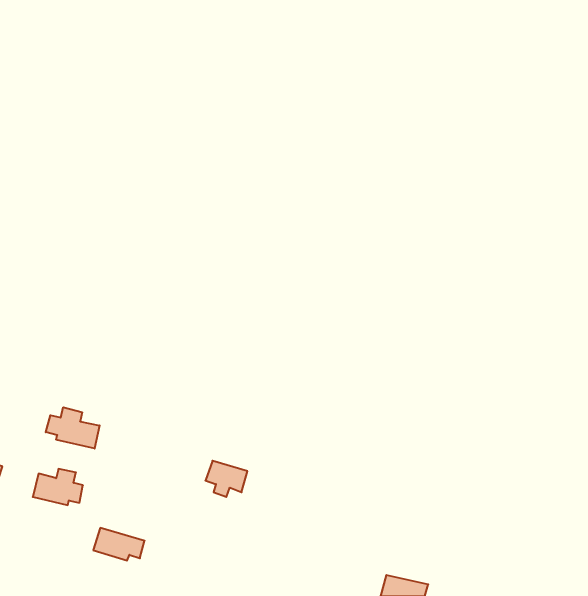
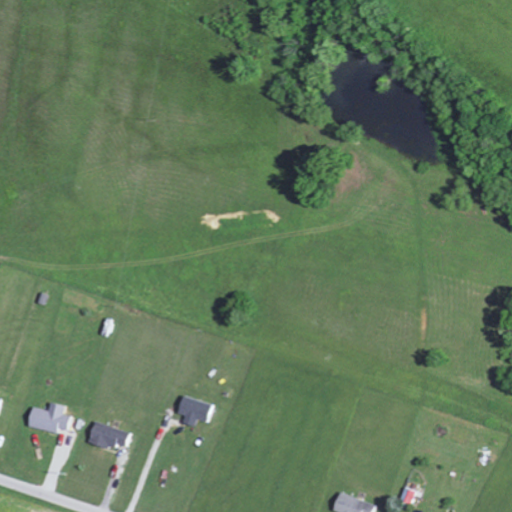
building: [46,407,100,449] -> none
building: [93,528,145,561] -> [87,421,131,449]

